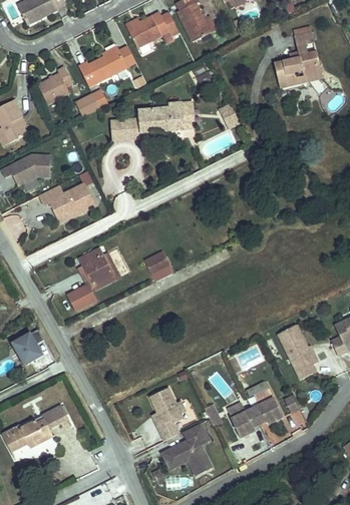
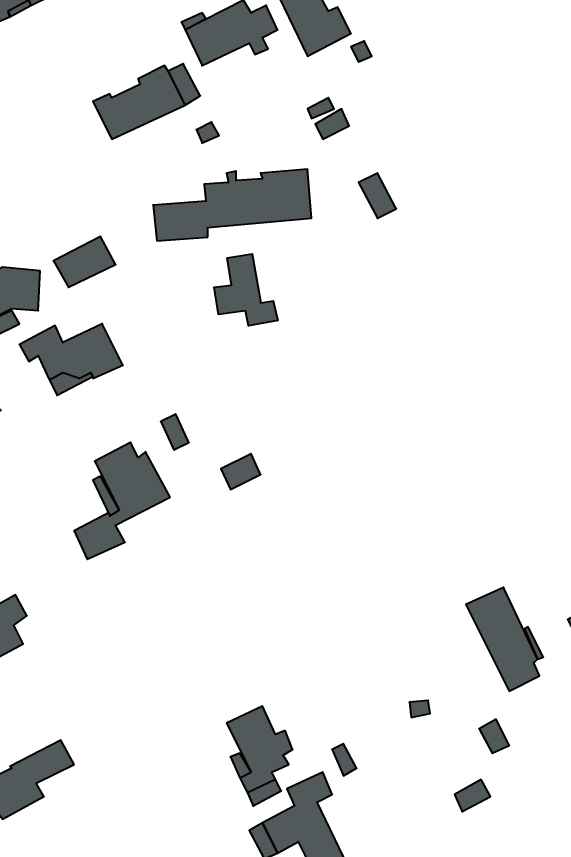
building: [276,33,322,86] -> none
building: [37,65,72,103] -> none
building: [75,88,108,115] -> [53,236,116,287]
building: none -> [214,254,278,326]
building: [226,389,283,437] -> none

